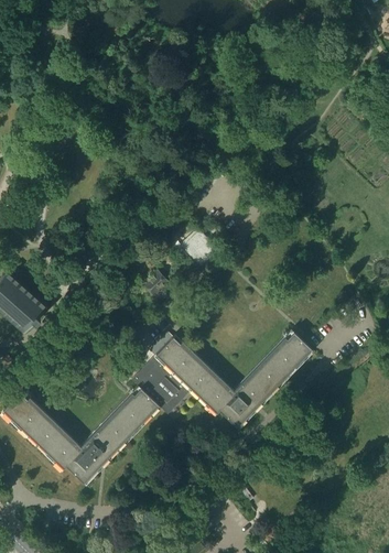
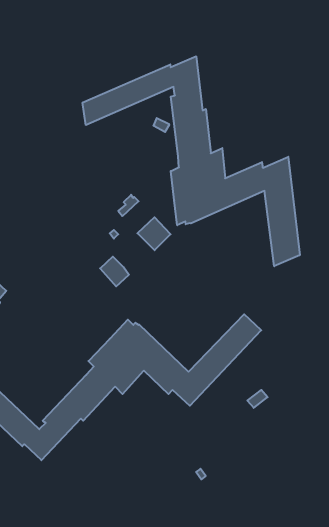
building: none -> [83,56,300,266]

